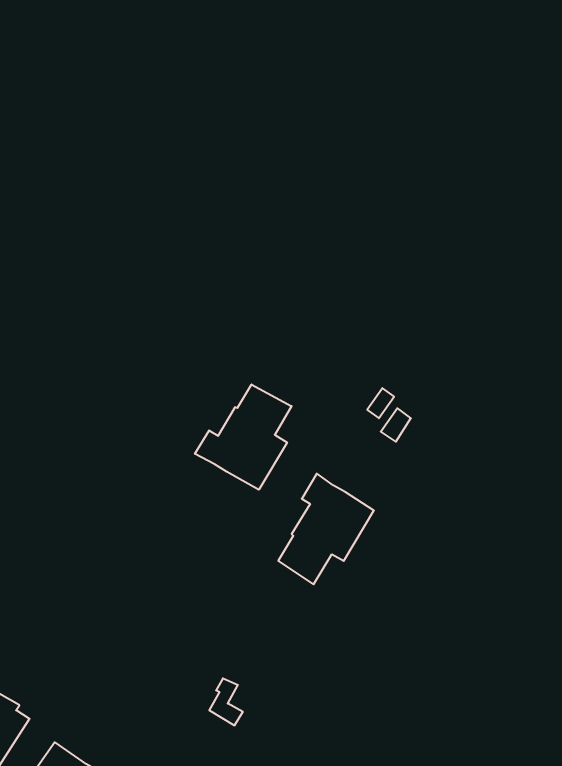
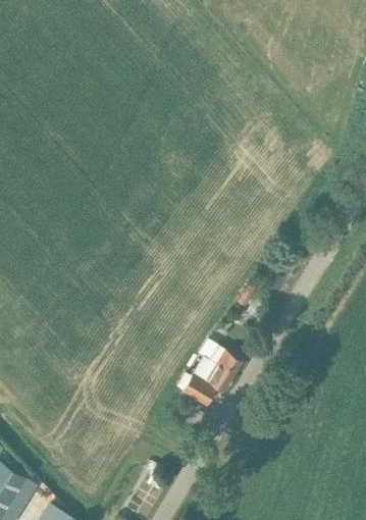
building: [195,384,292,490] -> none

